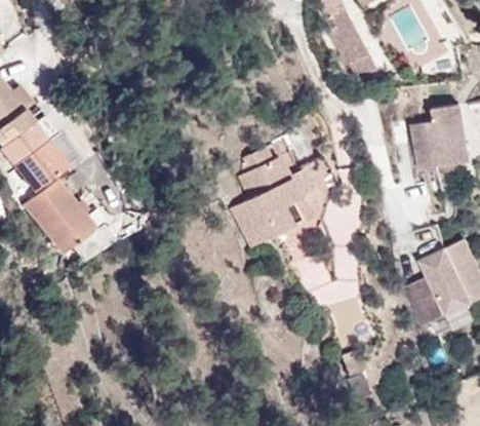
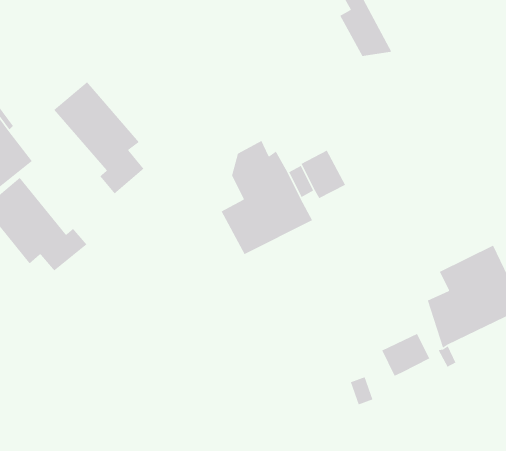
building: none -> [53,81,145,195]
building: [411,105,468,169] -> none
building: none -> [381,333,430,377]

